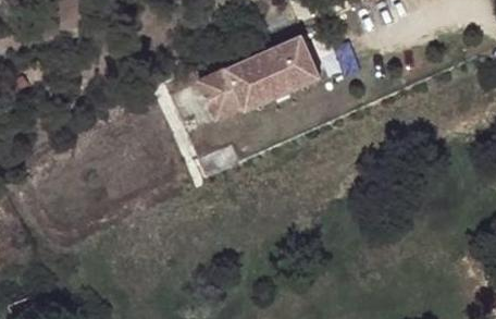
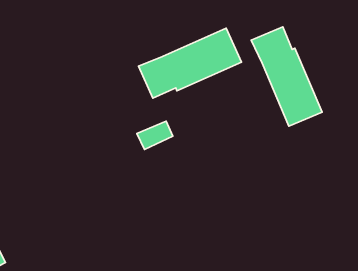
building: none -> [251,27,322,126]

